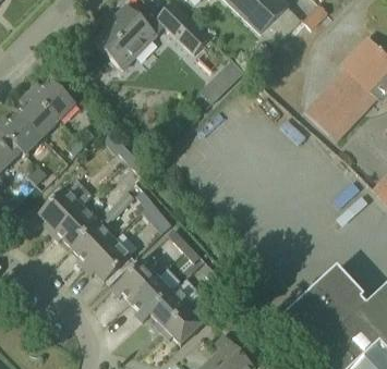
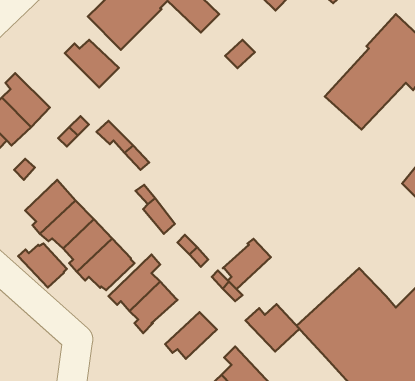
building: [28,79,76,122] -> [65,40,119,88]
building: none -> [18,243,67,288]
building: [149,287,192,332] -> [223,239,271,289]
building: none -> [246,304,299,352]

